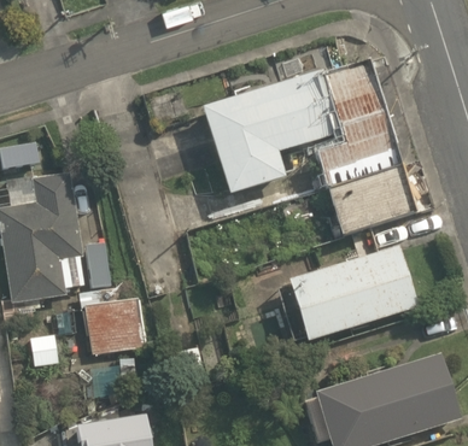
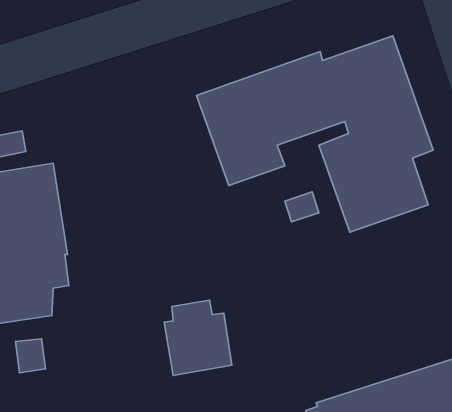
building: [279,246,421,350] -> none
building: [83,284,146,354] -> [164,300,232,376]

